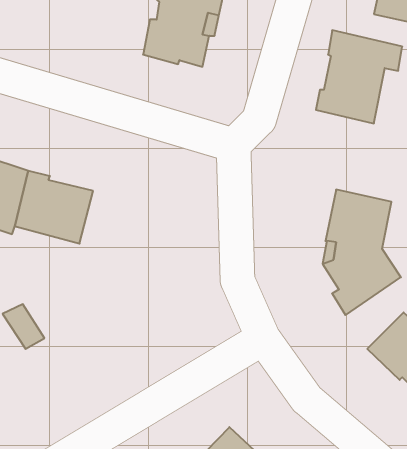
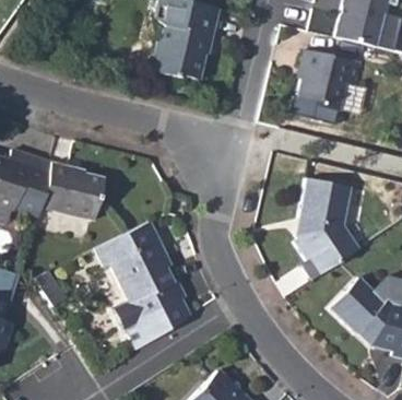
building: none -> [100,223,192,349]

